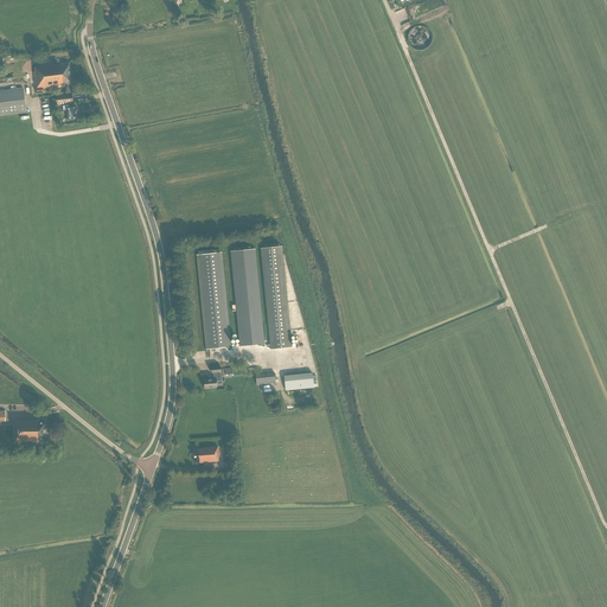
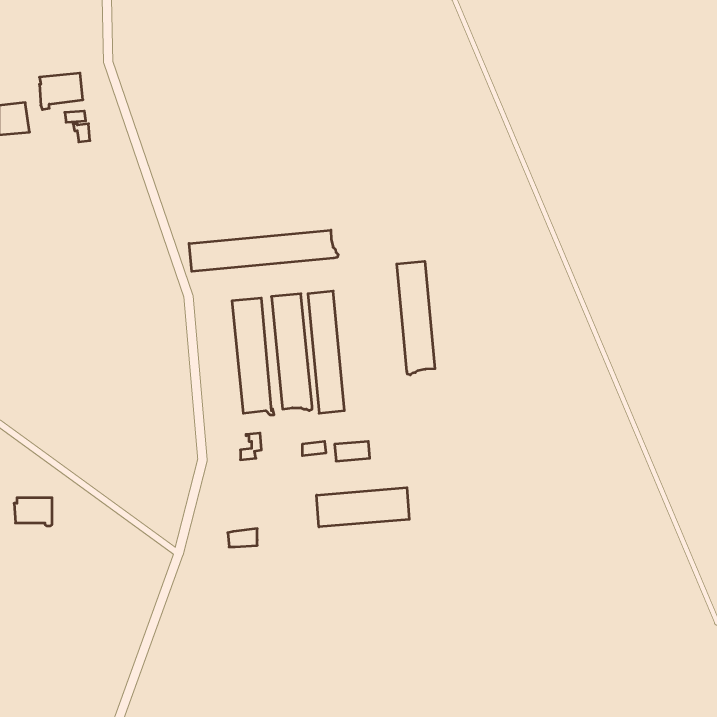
building: none -> [189,230,338,271]
building: none -> [397,261,435,375]
building: none -> [317,488,409,527]

